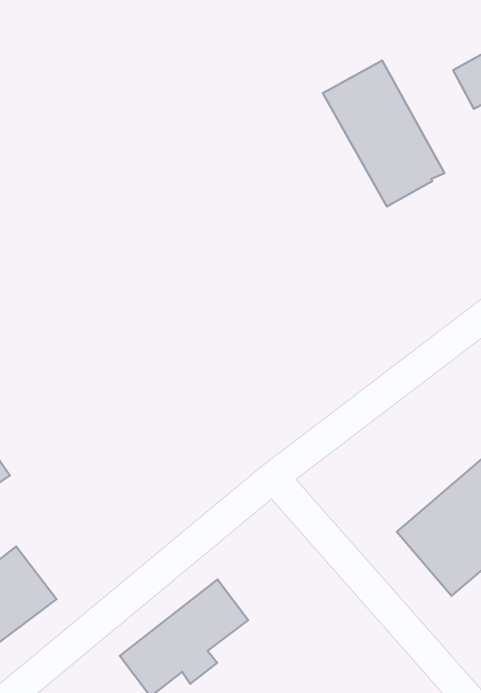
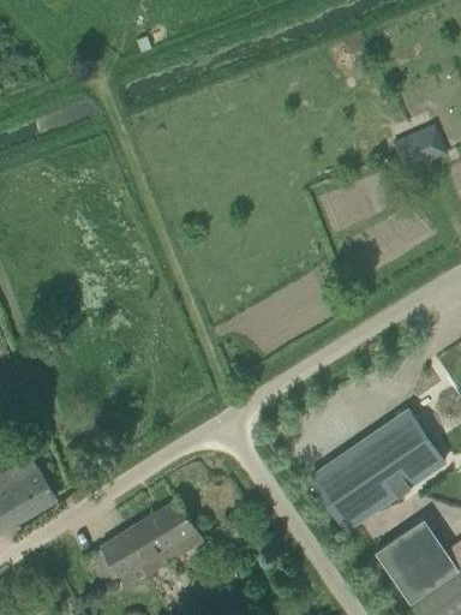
building: [323,61,444,206] -> none

